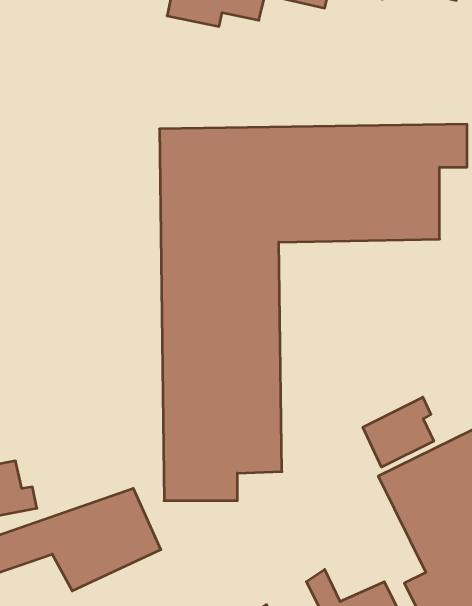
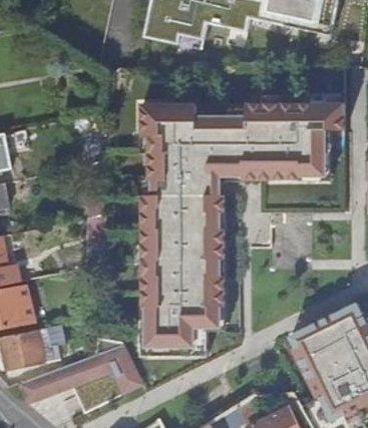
building: [363,397,434,467] -> none

